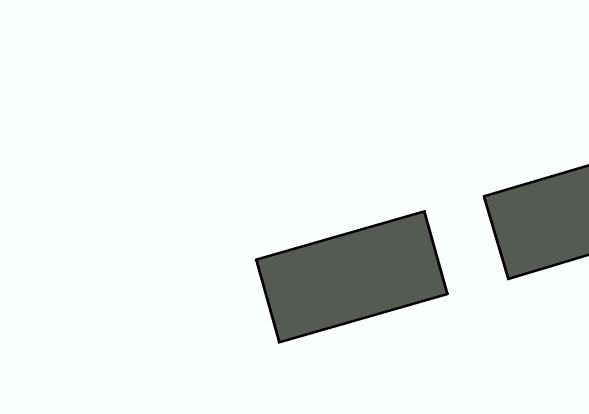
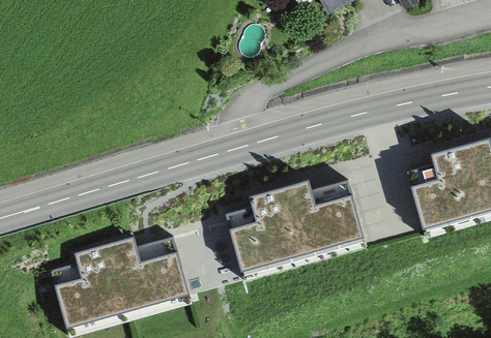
building: none -> [47,228,194,329]

